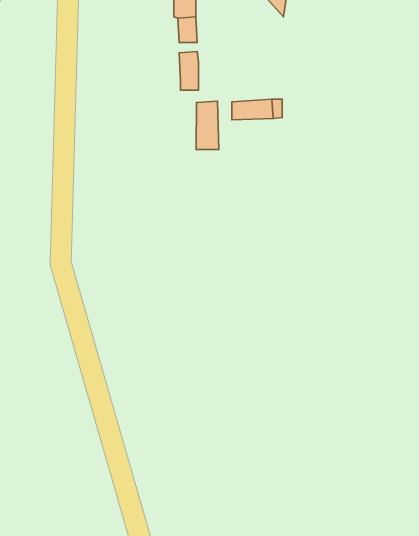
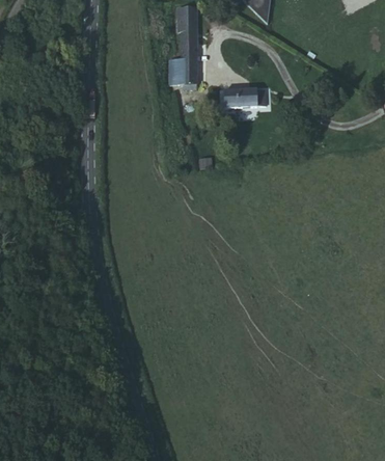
building: [196,101,219,150] -> none

